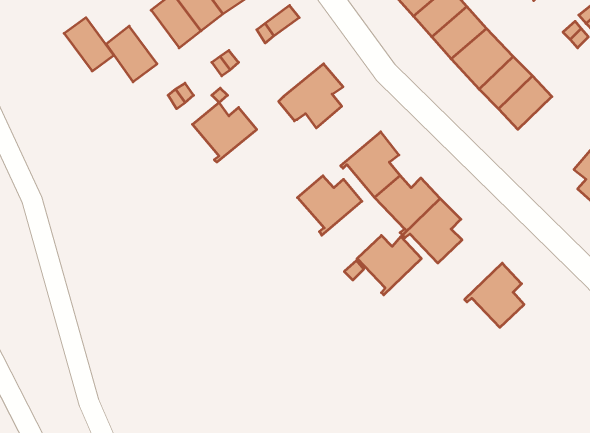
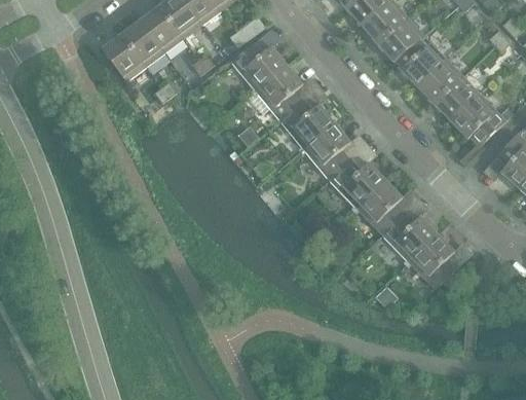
building: [64,18,114,71] -> [122,20,164,65]
building: none -> [451,93,505,140]
building: [192,103,257,162] -> [232,42,287,93]
building: [297,176,362,235] -> [280,101,335,151]
building: [357,235,421,295] -> [383,214,438,264]

